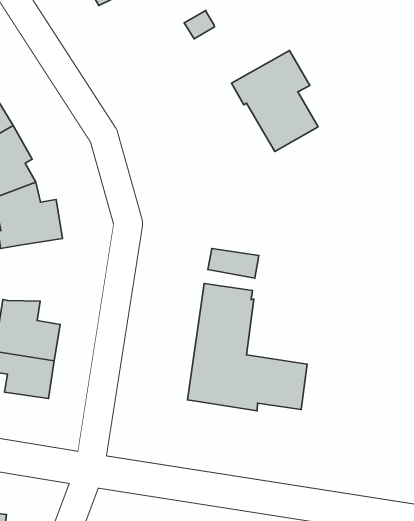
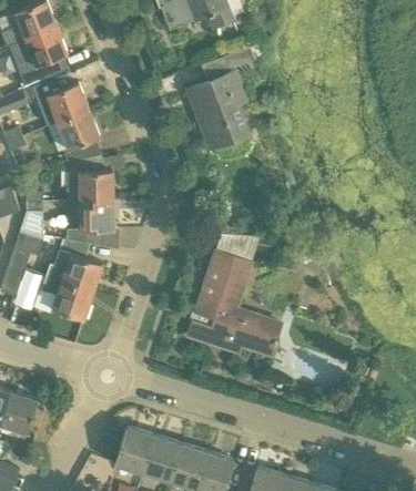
building: [231,50,318,152] -> [187,73,247,147]
building: none -> [64,201,113,249]

